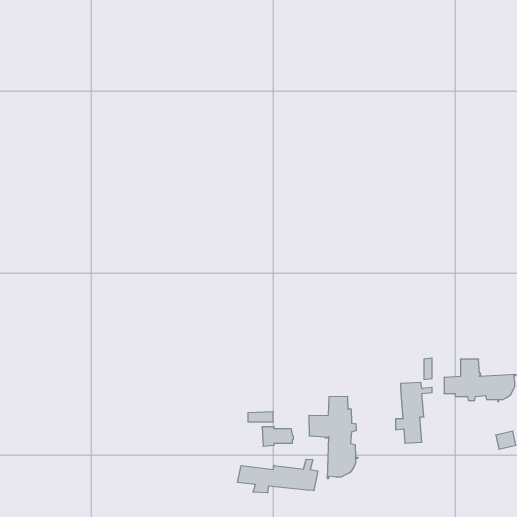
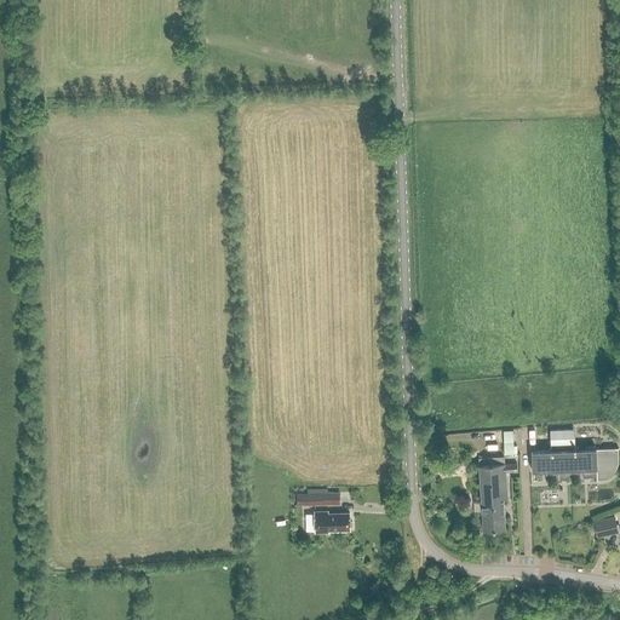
building: [309,396,358,479] -> none
building: [237,459,318,493] -> none

